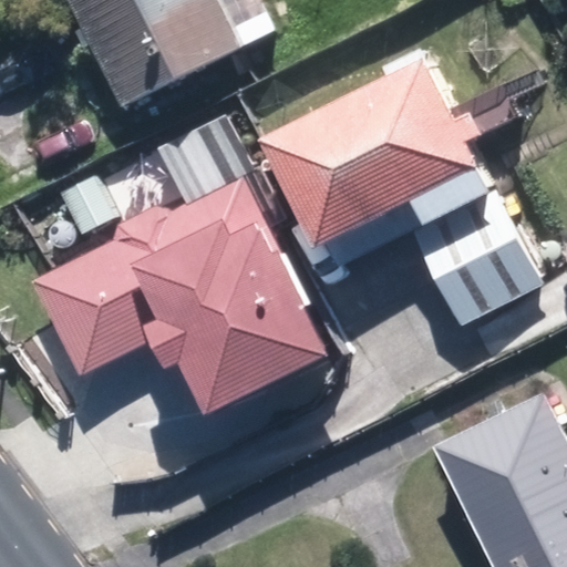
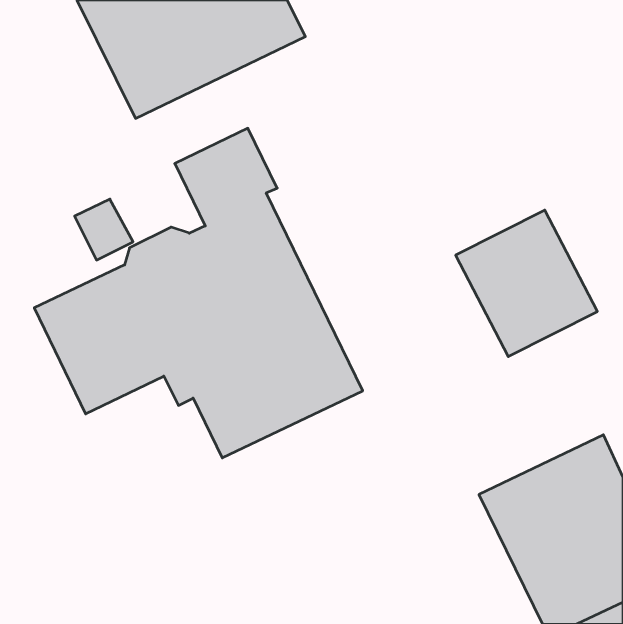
building: [257,59,488,248] -> none

